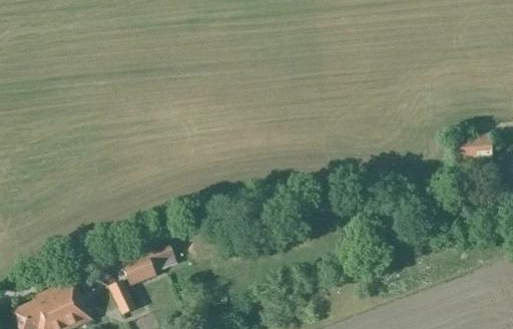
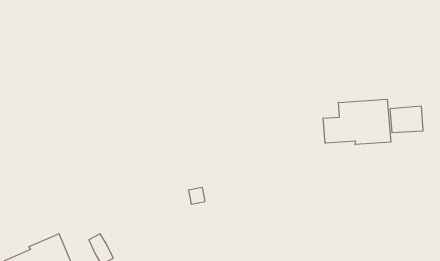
building: none -> [323,99,391,145]
building: [121,242,176,285] -> none

